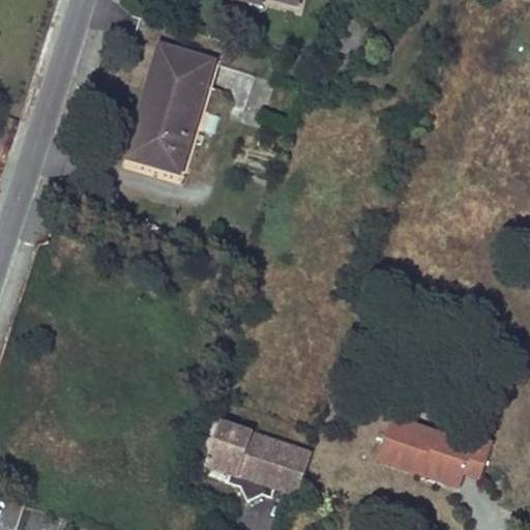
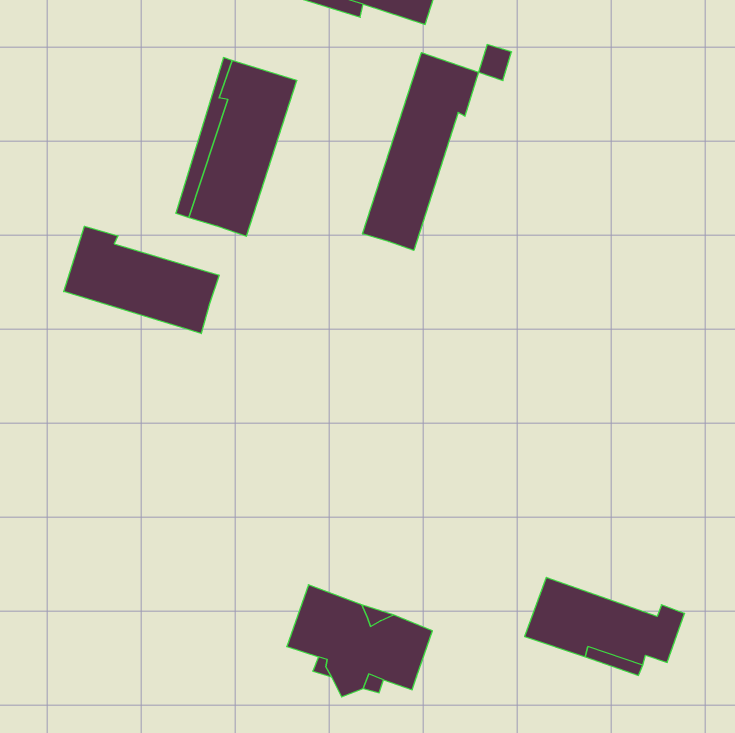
building: none -> [363,53,478,250]
building: none -> [64,226,219,334]

